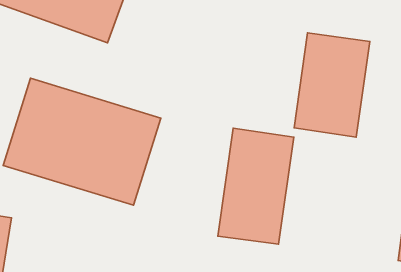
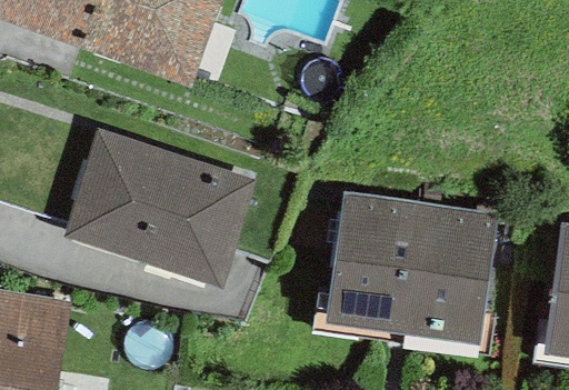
building: [294,33,370,137] -> none
building: none -> [399,201,496,343]

